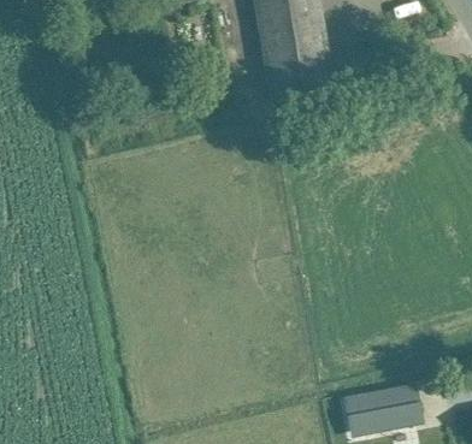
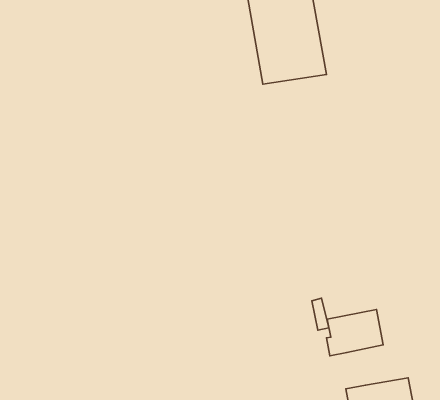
building: none -> [326,310,383,356]

